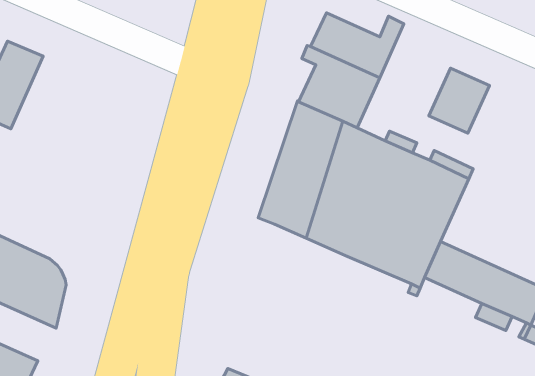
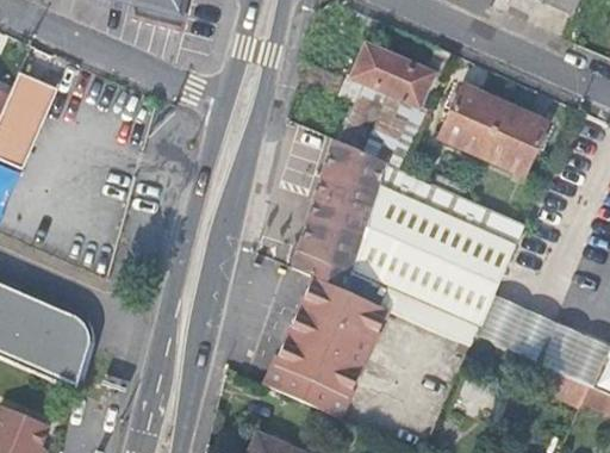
building: none -> [437,83,504,155]
building: none -> [264,274,388,417]

